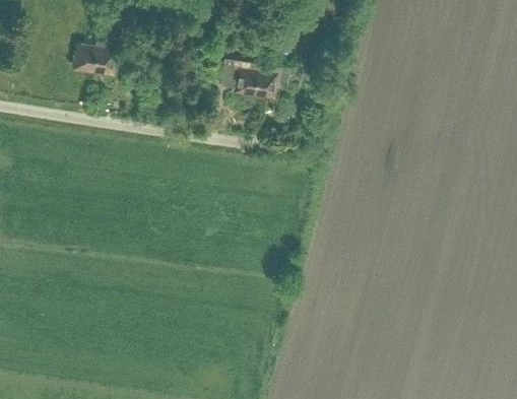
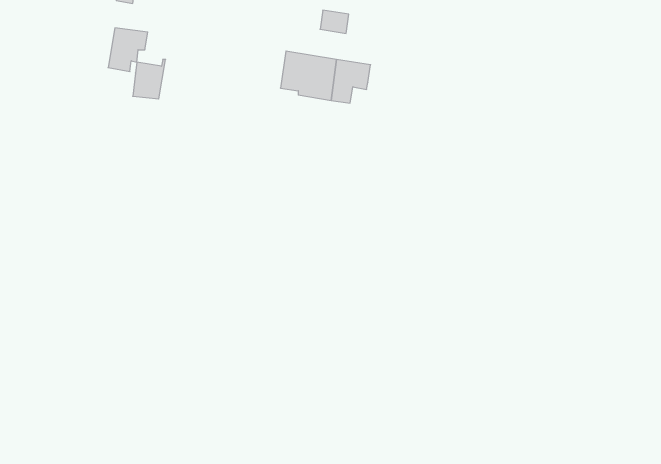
building: [72,42,96,71] -> [133,59,166,99]

